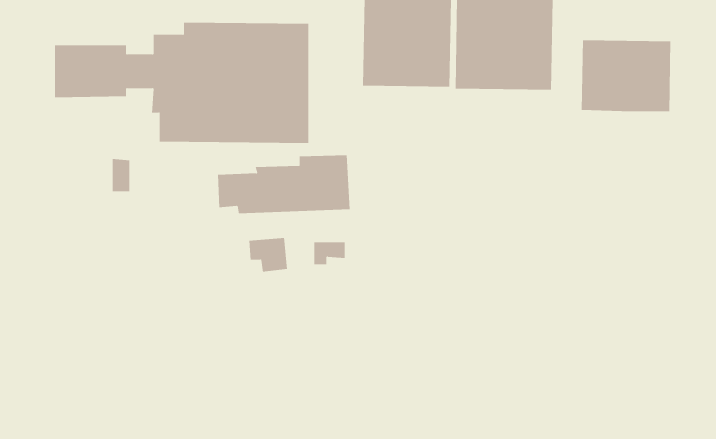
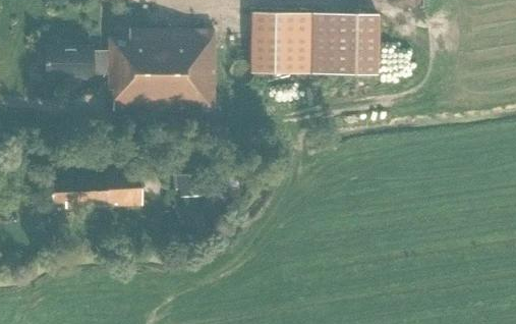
building: [581,39,671,112] -> none
building: [217,155,351,214] -> [54,169,144,209]

